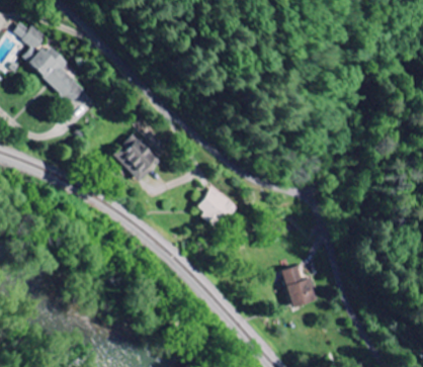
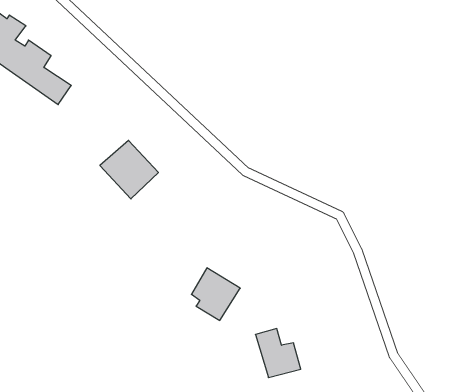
building: [197,185,239,230] -> [191,268,240,320]
building: [278,265,317,306] -> [255,329,301,378]

